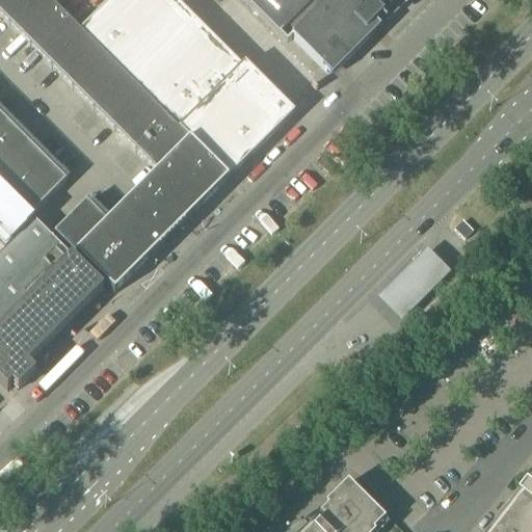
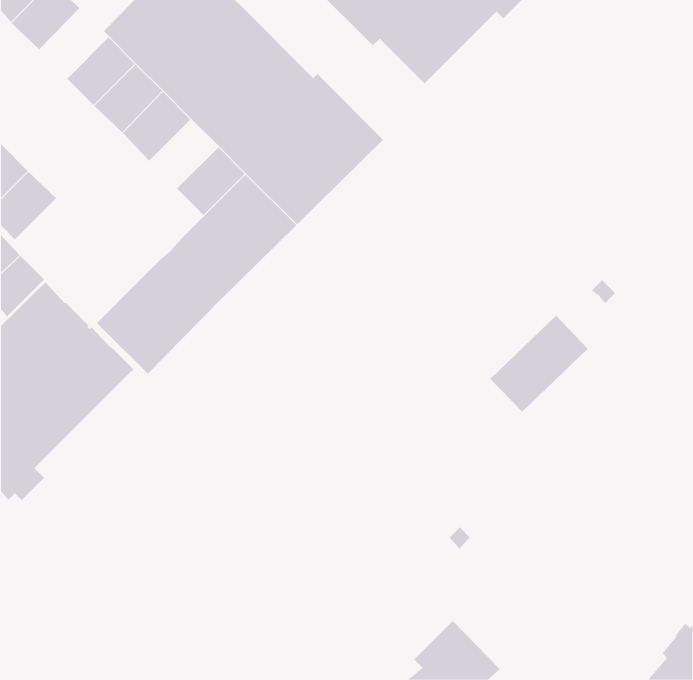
building: [30,6,83,60] -> none
building: [114,91,167,144] -> none
building: [11,152,65,206] -> none
building: [53,194,106,247] -> none

